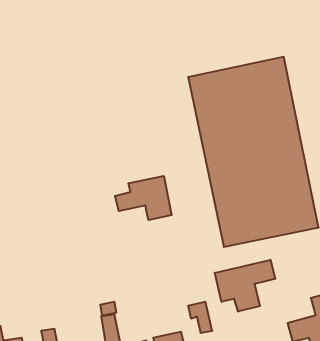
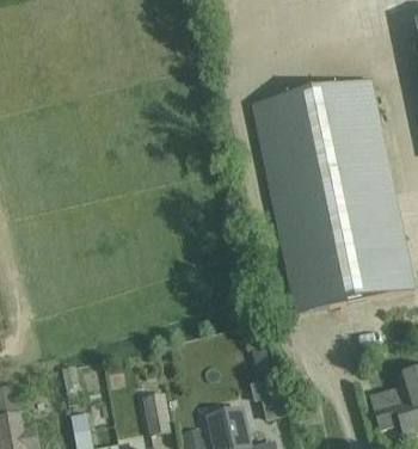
building: [115,176,172,220] -> none
building: [215,260,275,312] -> none

